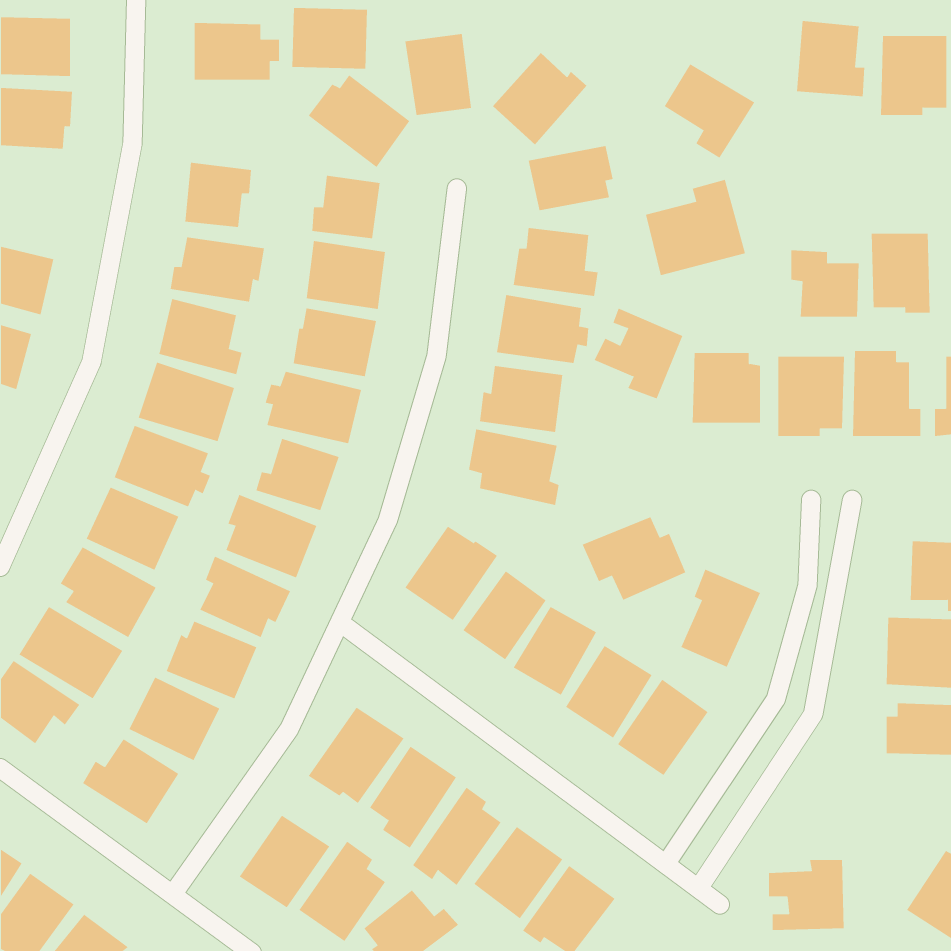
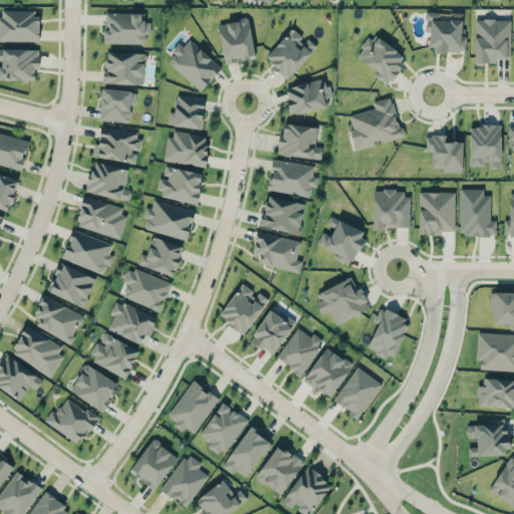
building: [291,8,368,69] -> [104,52,146,85]
building: [594,308,683,399] -> [317,217,365,266]
building: [768,860,845,930] -> [467,419,508,457]

